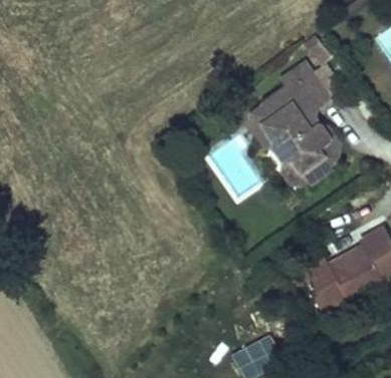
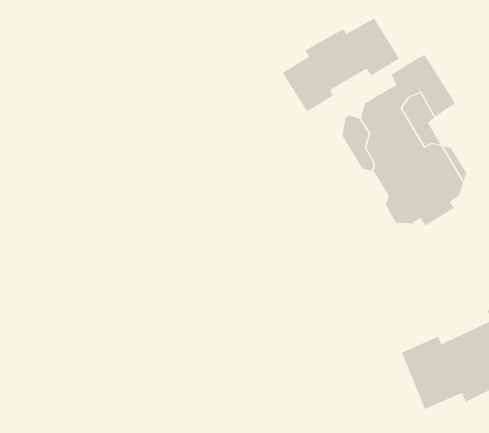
building: none -> [282,18,400,112]

